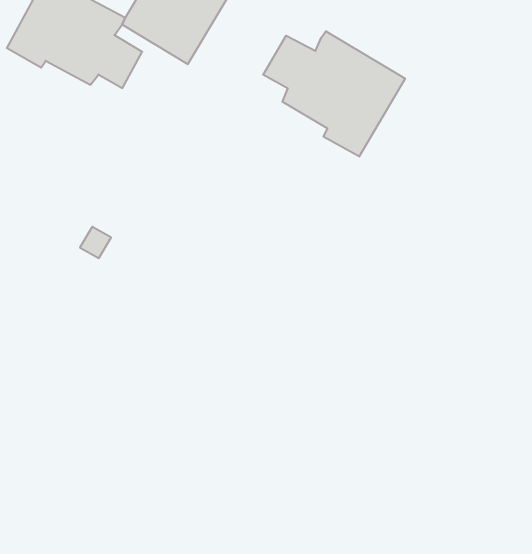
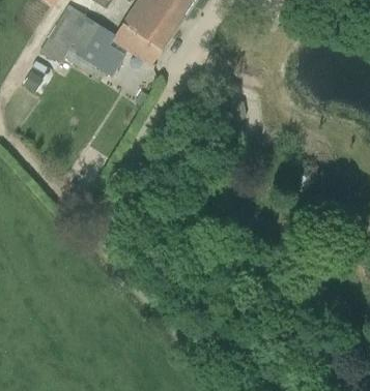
building: [263,31,405,157] -> none

